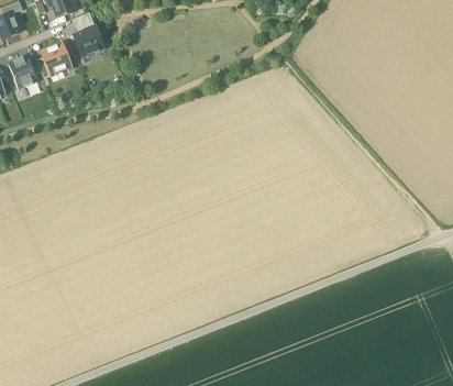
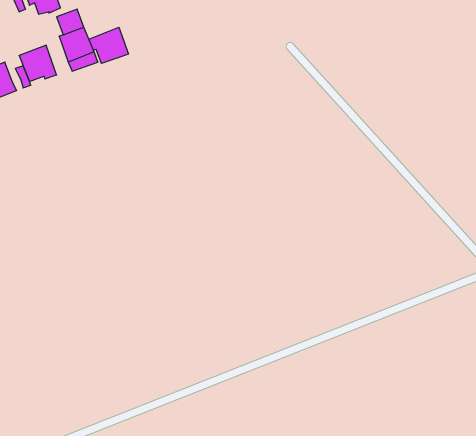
building: none -> [89,27,128,63]

